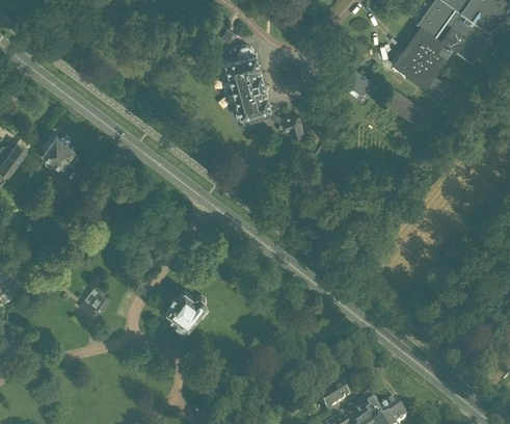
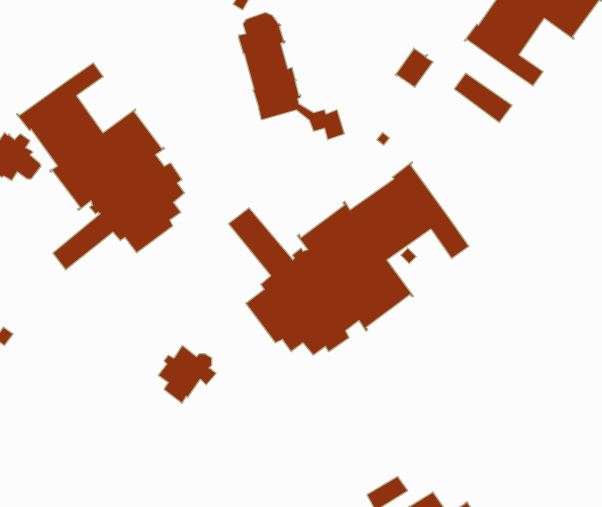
building: none -> [17,63,185,270]
building: none -> [229,162,469,355]
building: [79,288,108,317] -> none

